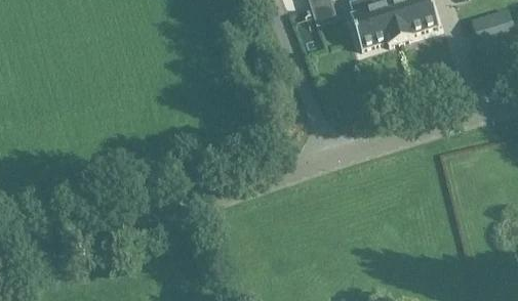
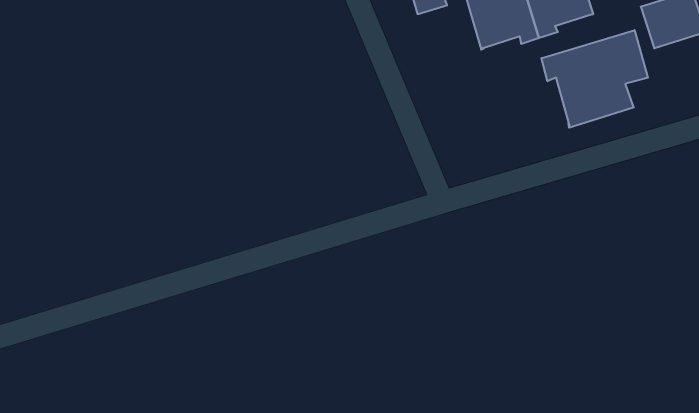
building: none -> [541,30,648,128]

